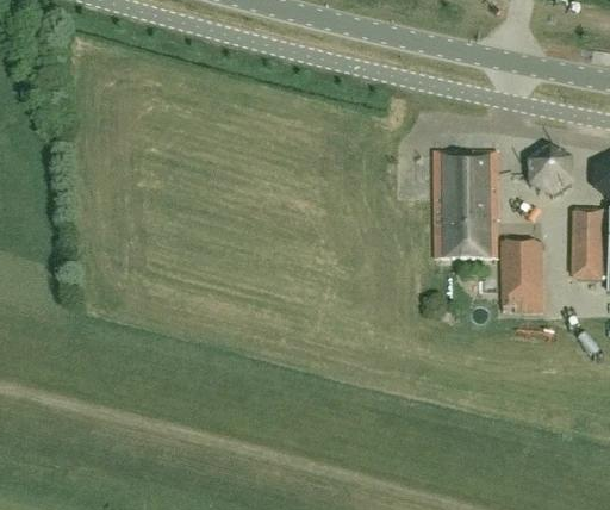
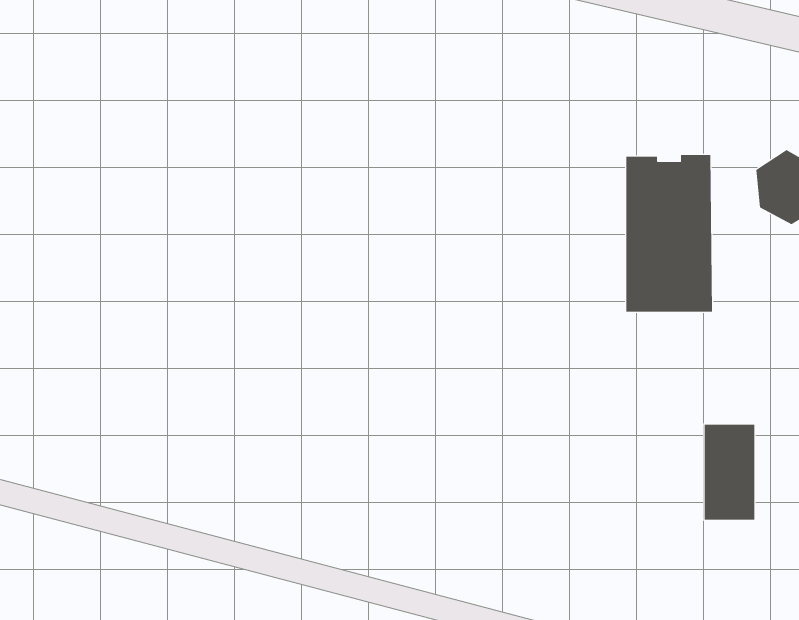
building: [505,243,541,310] -> [704,424,755,520]

